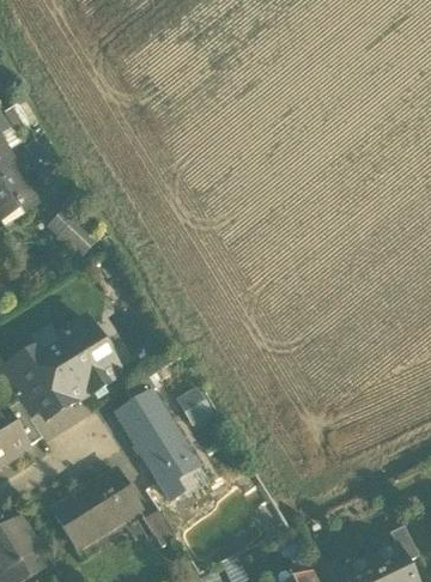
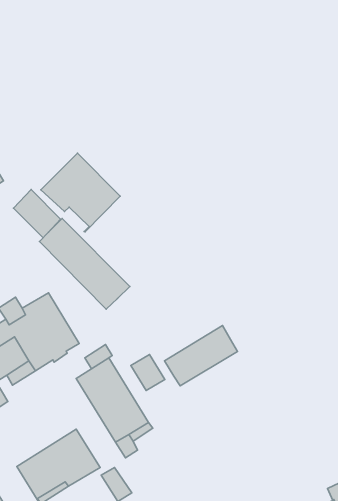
building: none -> [41,153,120,232]
building: none -> [40,218,130,309]
building: none -> [165,326,237,386]

